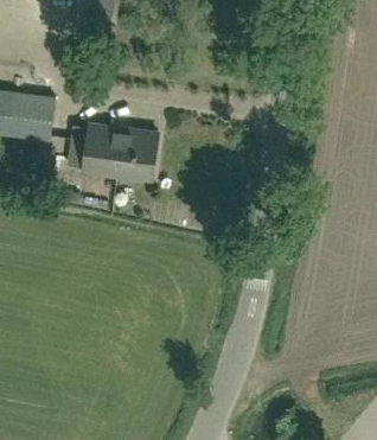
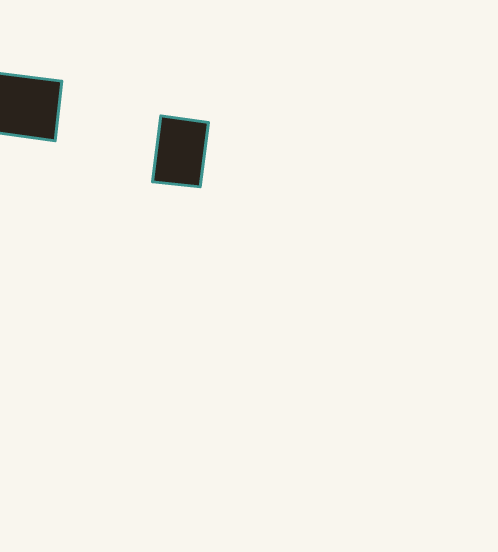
building: [82,117,121,168] -> none

